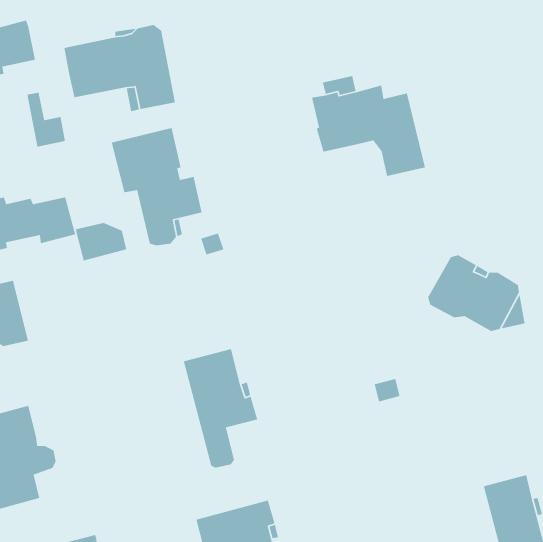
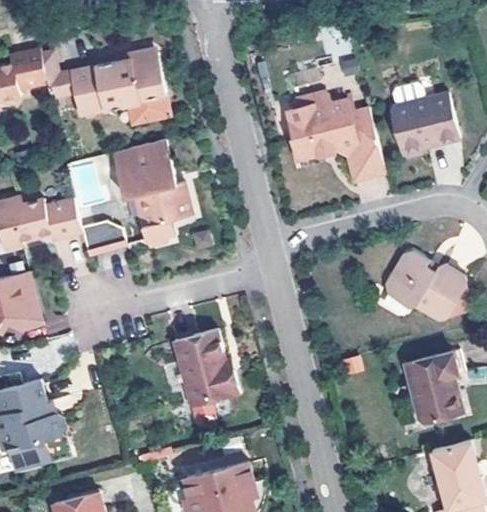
building: none -> [391,91,458,155]
building: [26,92,66,147] -> [40,49,74,97]
building: none -> [404,349,464,421]

